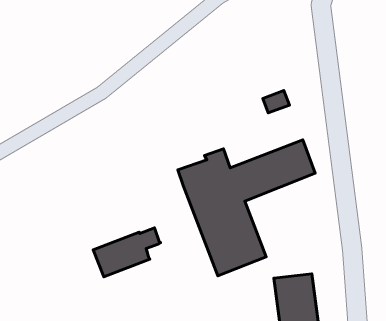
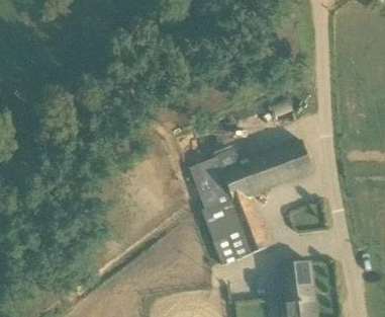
building: [93,228,161,277] -> none

